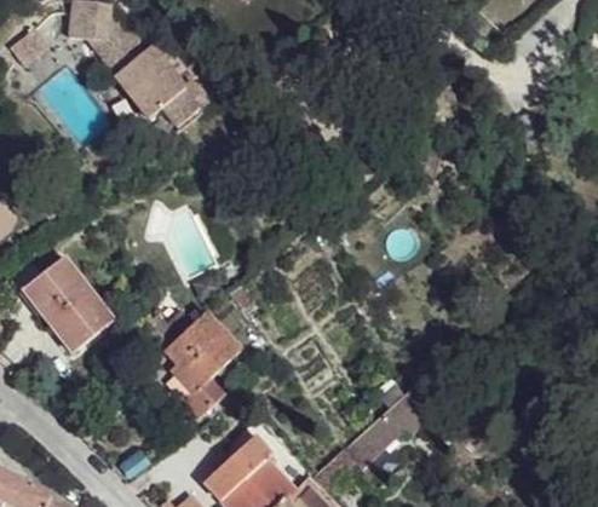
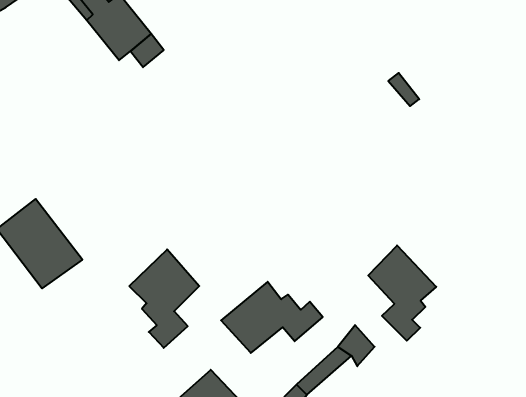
building: none -> [368,245,436,341]
building: none -> [221,282,323,353]

